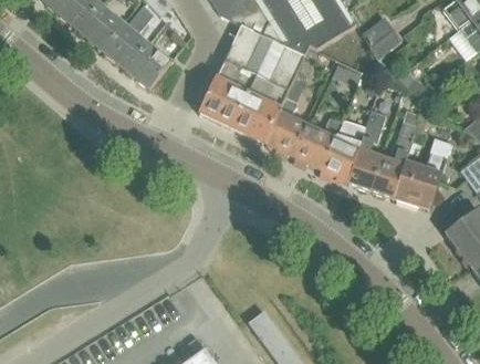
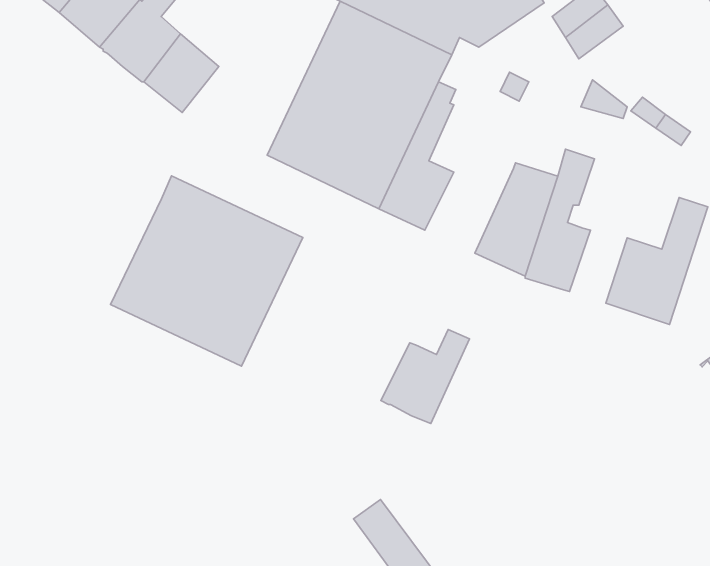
building: [372,108,420,197] -> none
building: [289,114,340,168] -> [381,329,469,424]
building: none -> [110,176,303,366]

